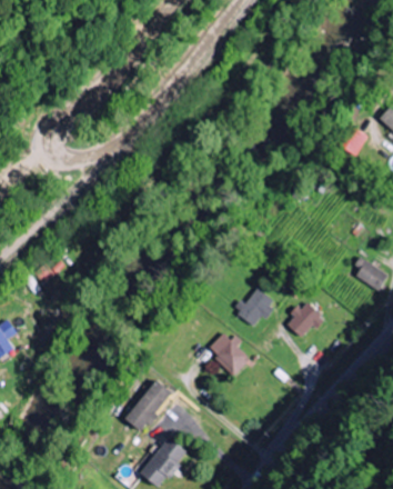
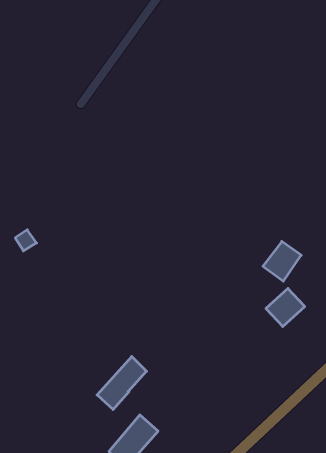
building: [236,287,273,326] -> [263,241,301,281]
building: [208,330,248,372] -> none

